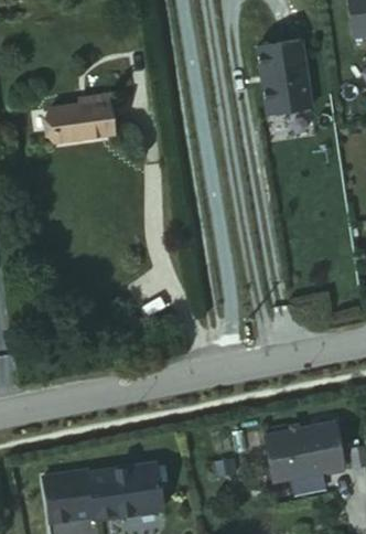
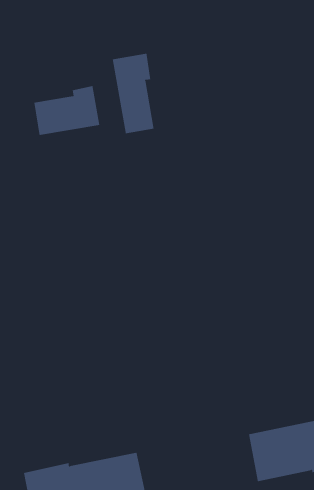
building: [259,43,313,119] -> none
building: none -> [112,53,154,134]

